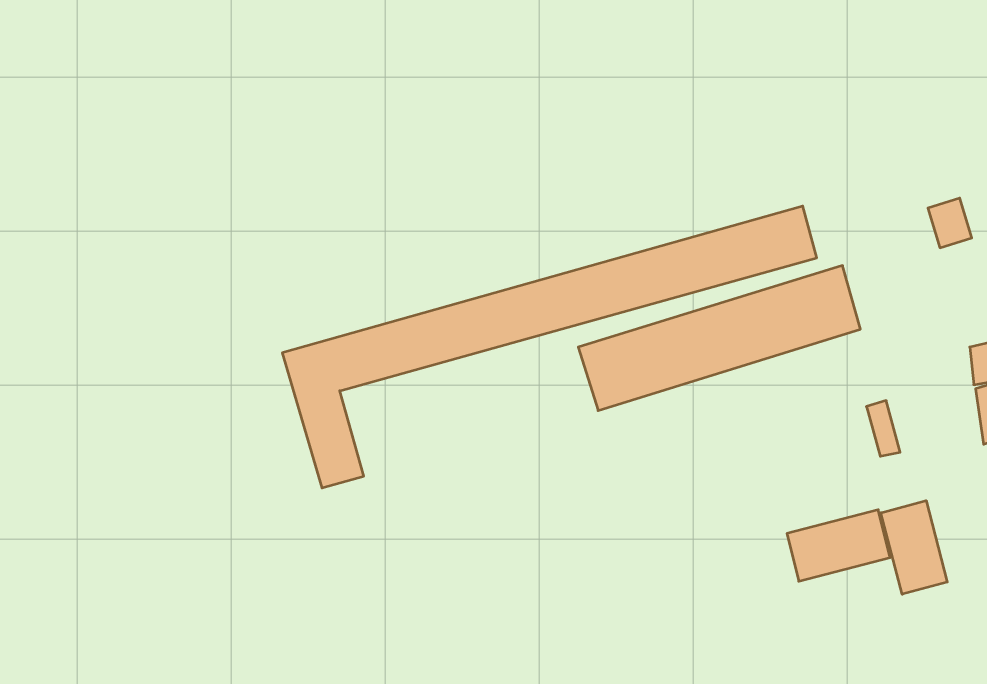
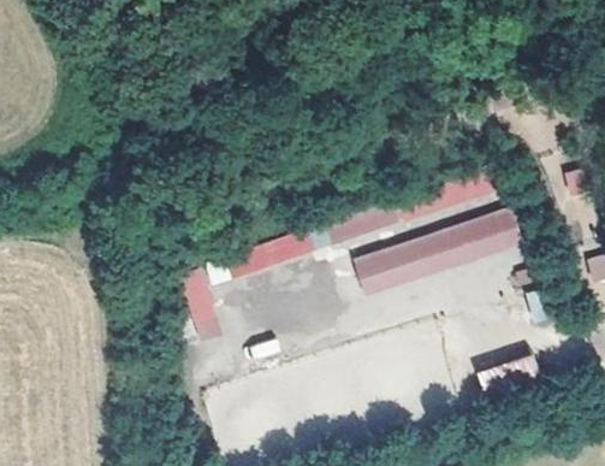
building: [881,501,947,594] -> none

